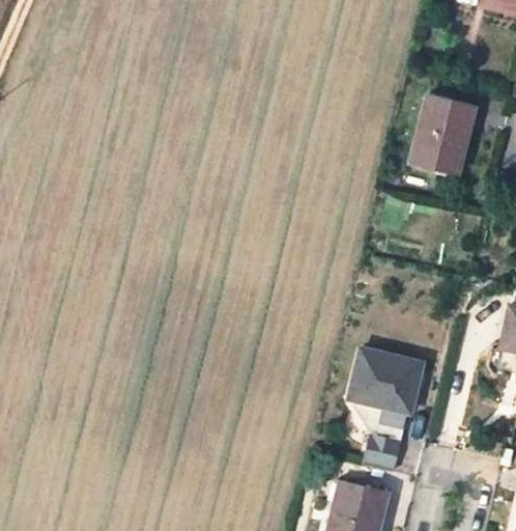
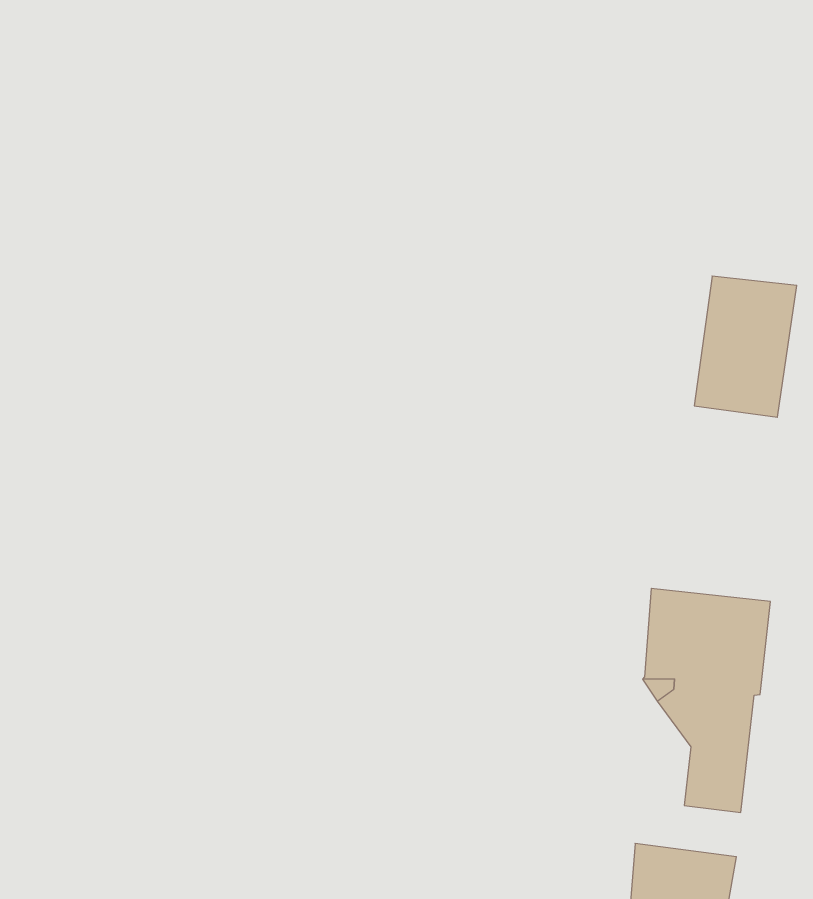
building: [407,95,468,173] -> [694,276,797,417]

